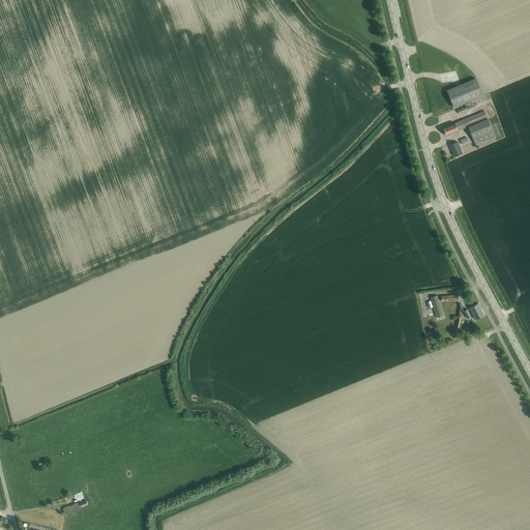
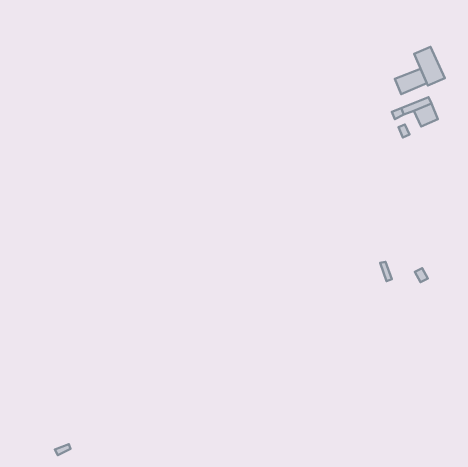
building: none -> [414,47,445,86]

